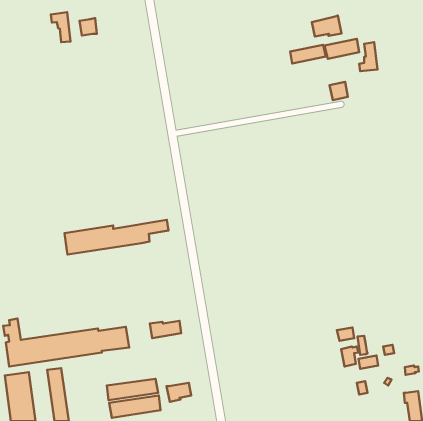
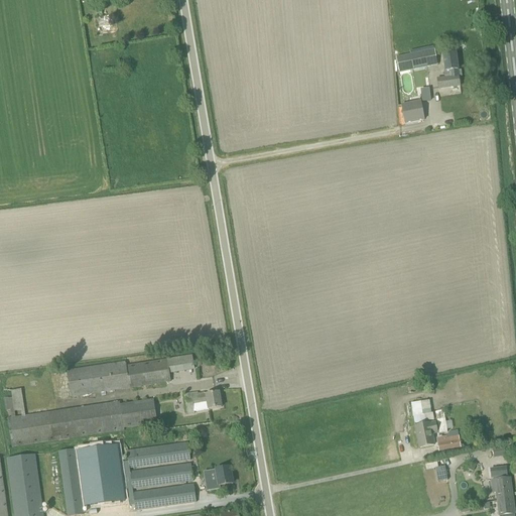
building: [51,12,71,42] -> none
building: [312,15,342,36] -> none
building: [290,45,326,64] -> none
building: [64,220,169,255] -> [67,354,194,396]
building: none -> [78,440,126,503]
building: none -> [127,440,189,467]

